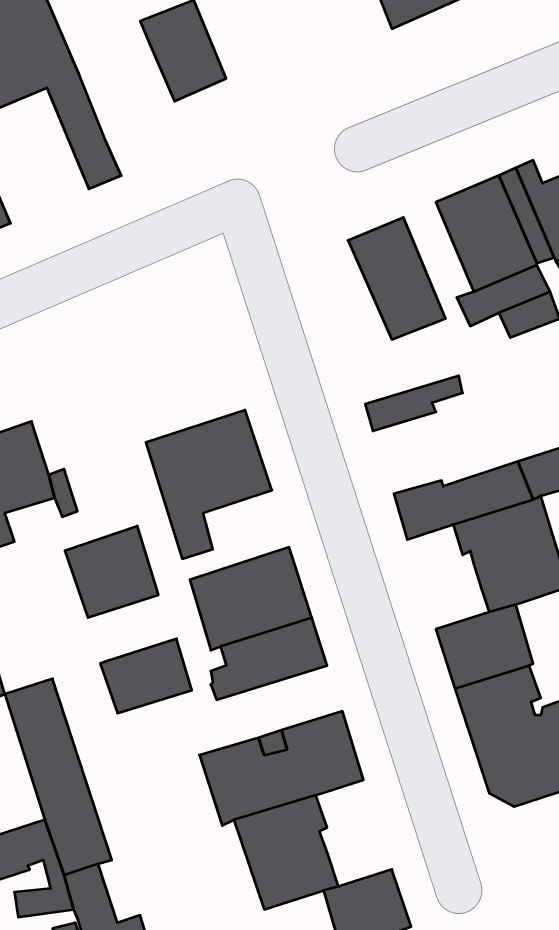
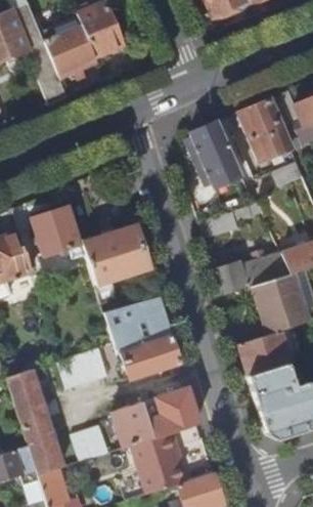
building: none -> [46,28,98,80]
building: [65,526,158,618] -> [32,205,82,254]
building: none -> [71,424,107,461]

